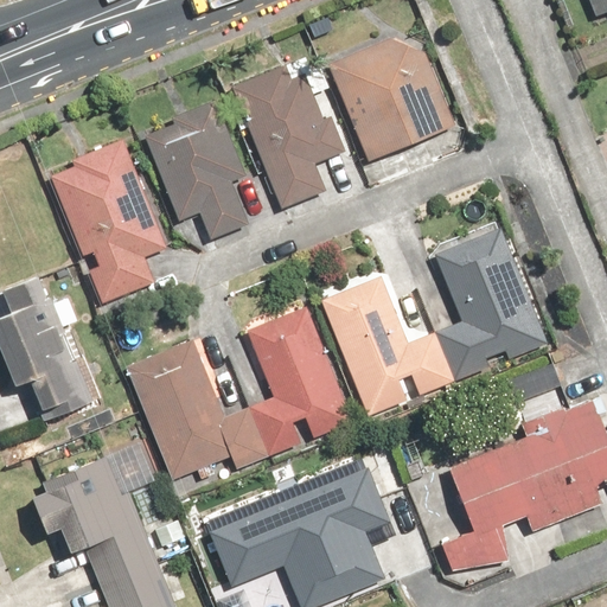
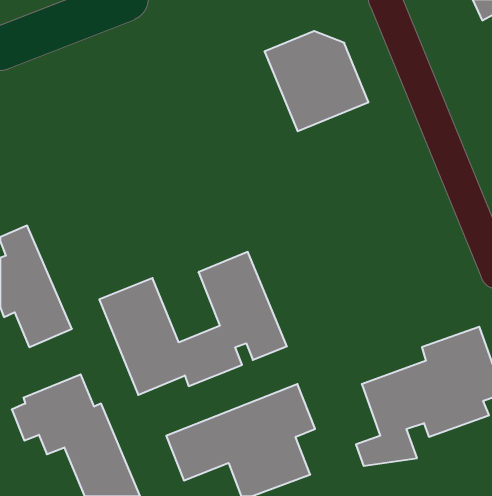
building: [231,65,346,207] -> none
building: [143,100,251,243] -> none
building: [51,140,168,304] -> none
building: [320,225,549,416] -> none

